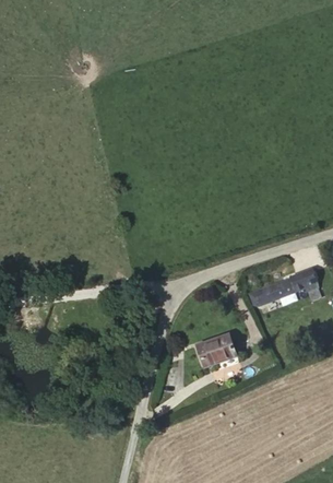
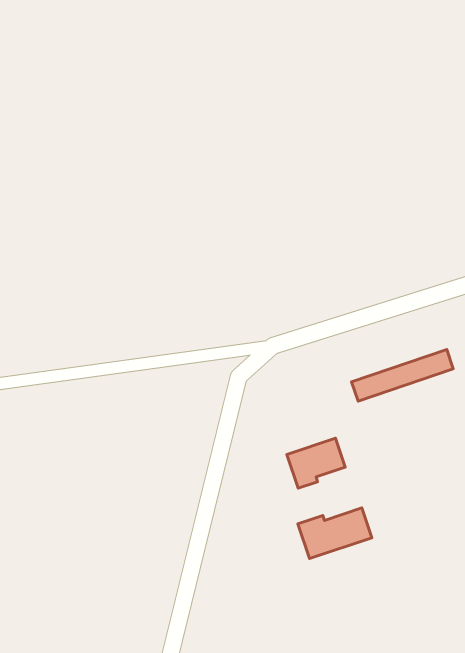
building: none -> [298,508,372,559]

